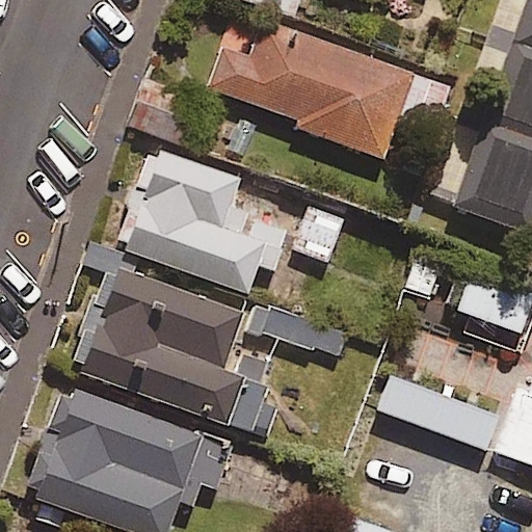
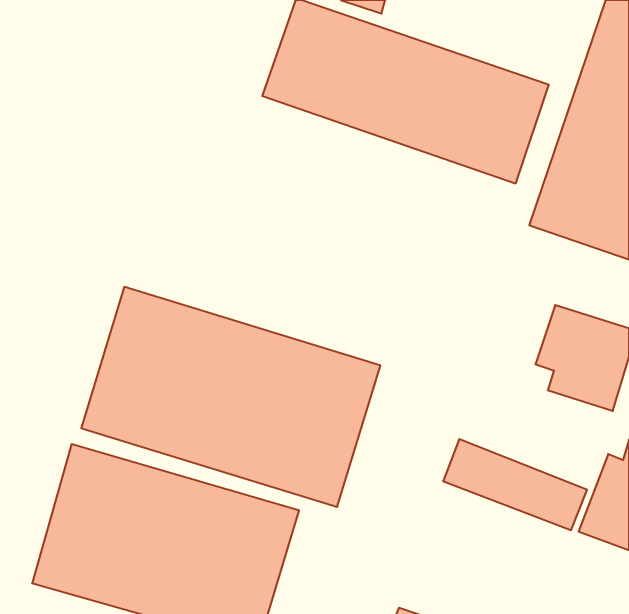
building: [124,151,311,303] -> none

